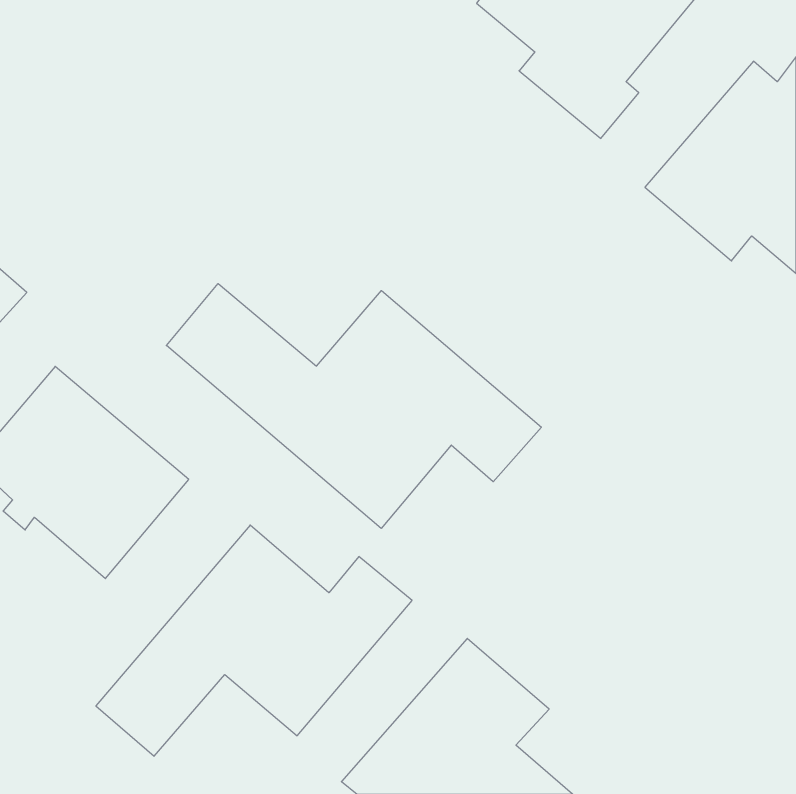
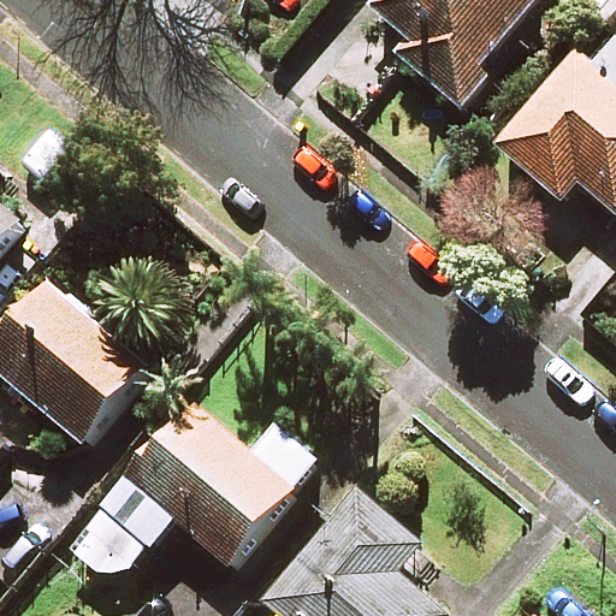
building: [166,284,541,528] -> none

